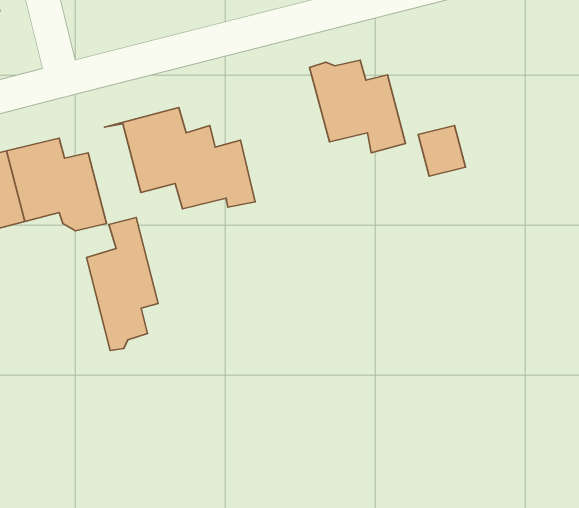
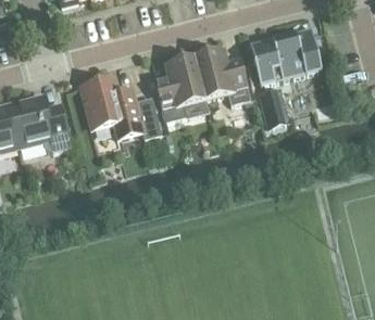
building: none -> [250,26,322,85]
building: none -> [155,53,205,120]
building: [87,217,158,351] -> none

